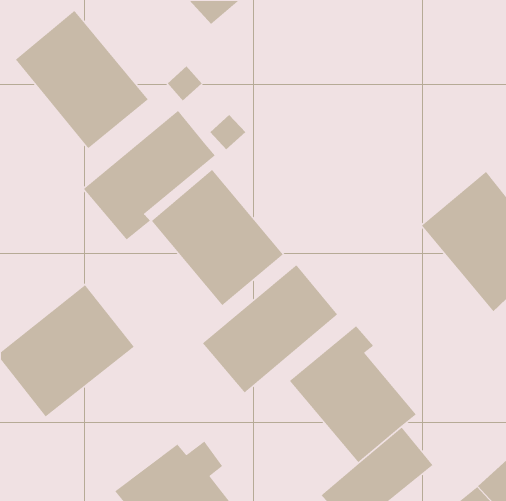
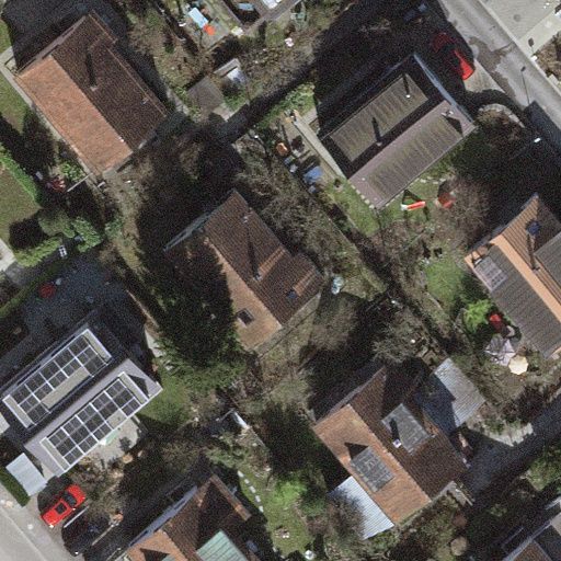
building: none -> [323,58,472,203]
building: [83,110,216,241] -> none
building: [202,264,338,393] -> none

